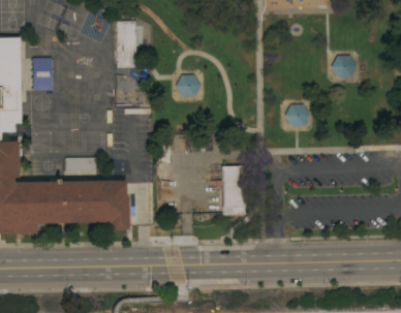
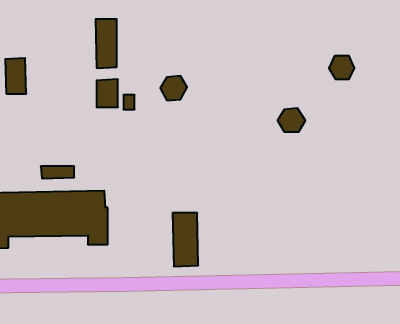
building: [222,165,246,215] -> [173,213,198,266]

